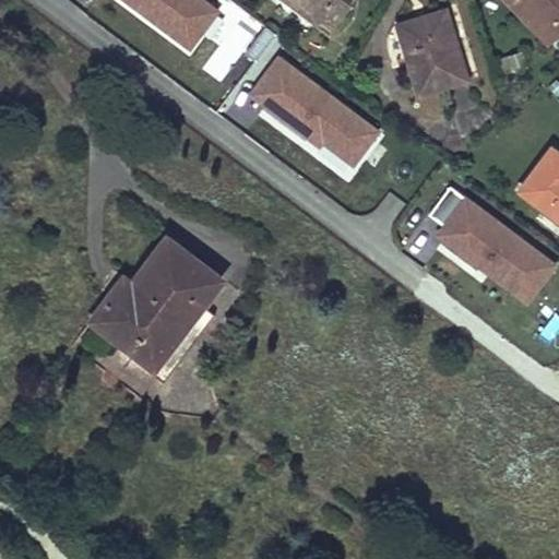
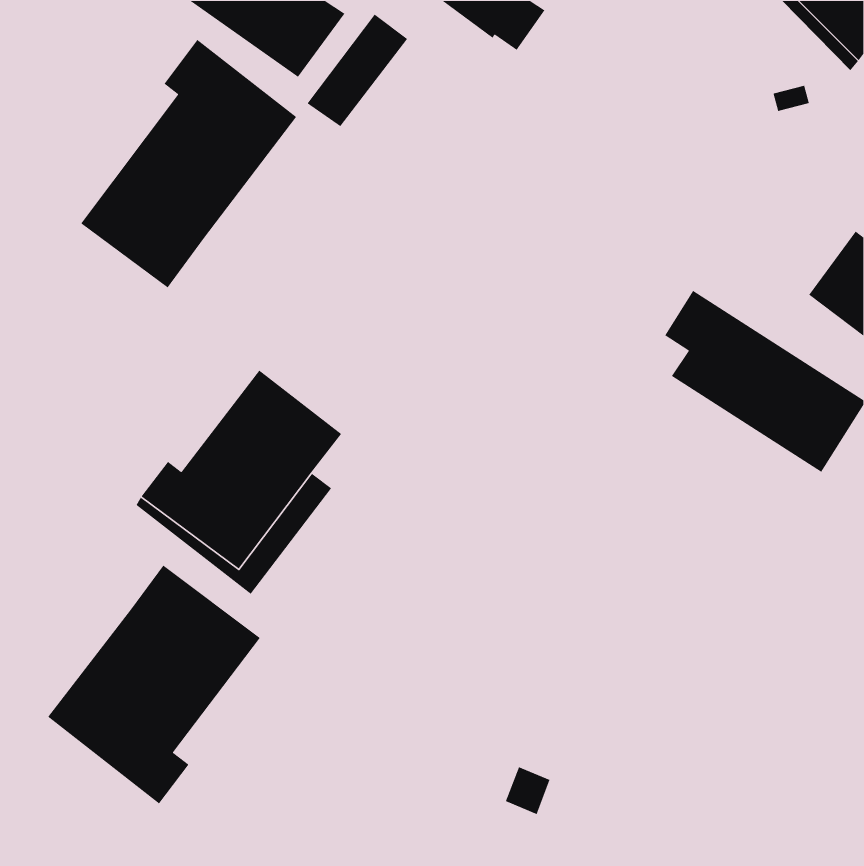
building: [395,10,465,94] -> none
building: none -> [80,39,297,288]
building: [246,52,383,171] -> none
building: none -> [47,564,261,804]

